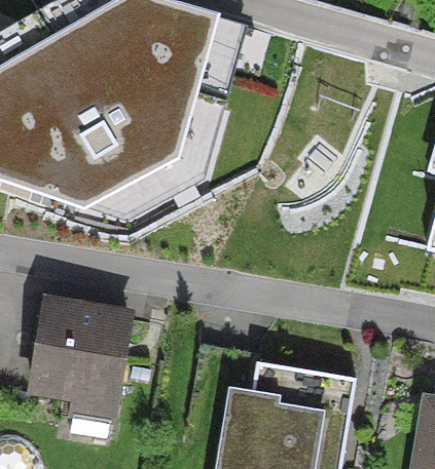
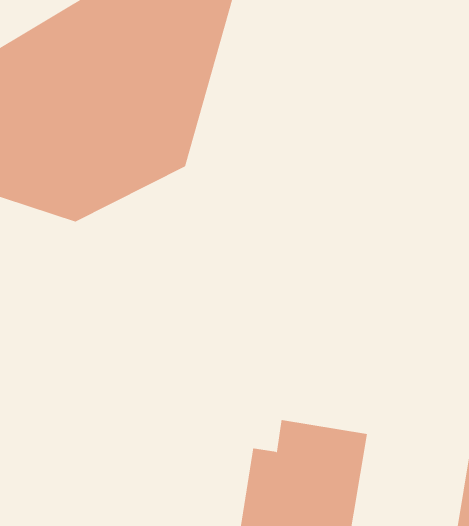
building: [29,307,125,440] -> none

